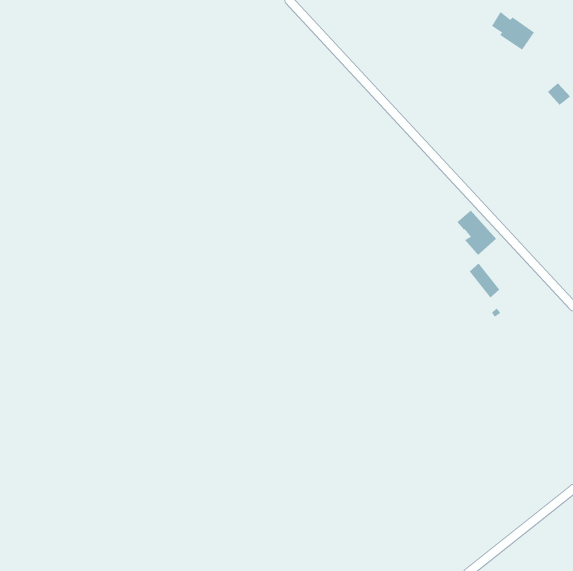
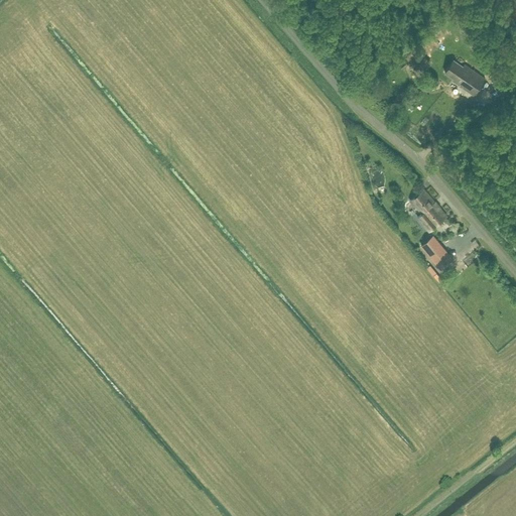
building: [491,11,535,51] -> [445,60,485,96]

